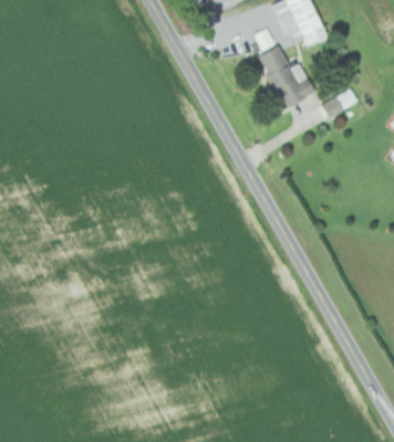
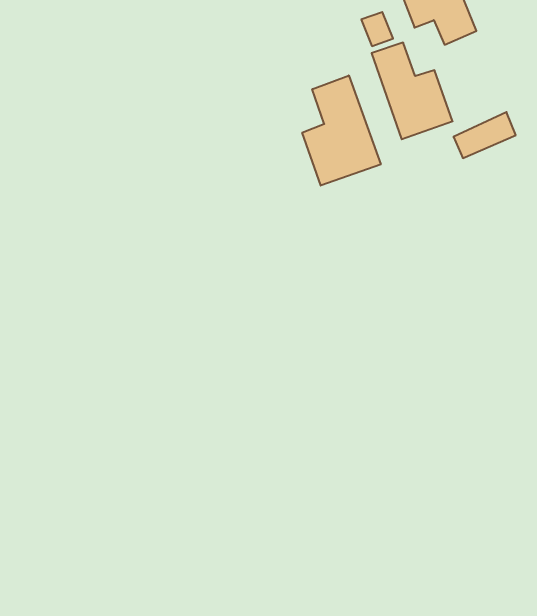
building: none -> [302,75,381,186]

